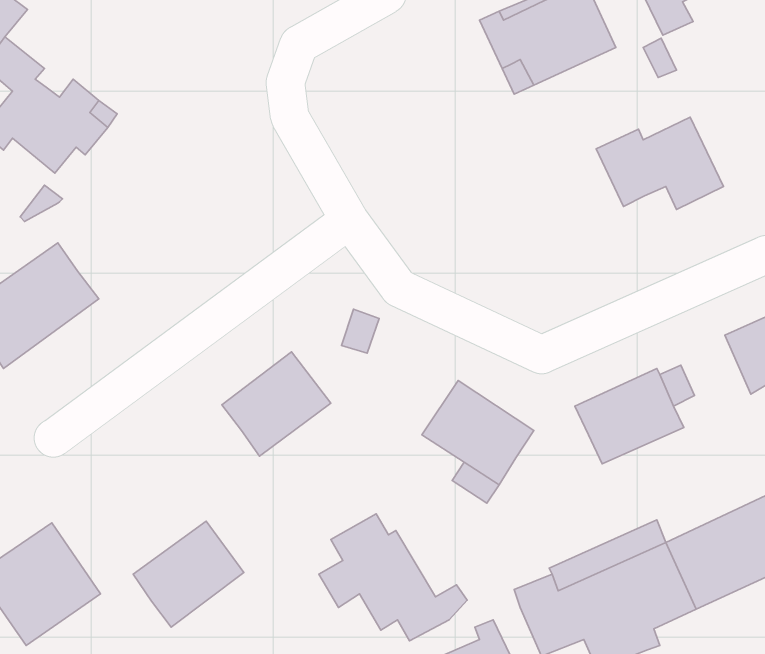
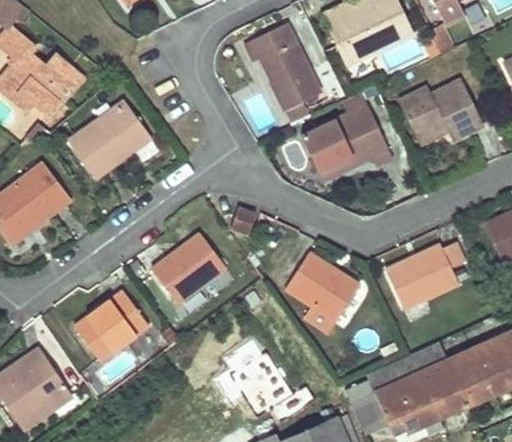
building: none -> [245,25,321,123]
building: none -> [301,98,393,174]
building: none -> [70,101,151,176]
building: [133,521,244,627] -> [74,291,147,361]

